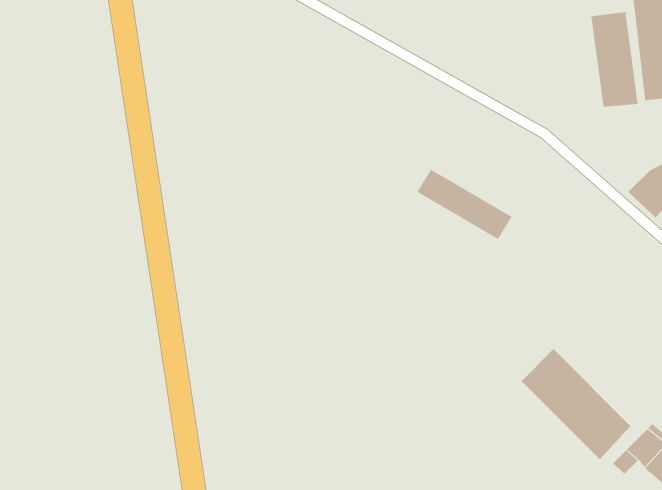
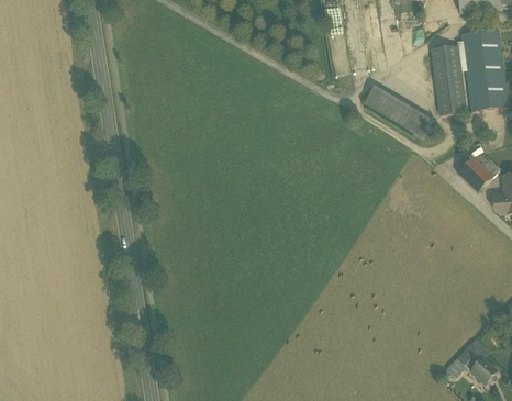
building: [417,169,512,240] -> [365,86,433,136]
building: [521,348,631,460] -> none

